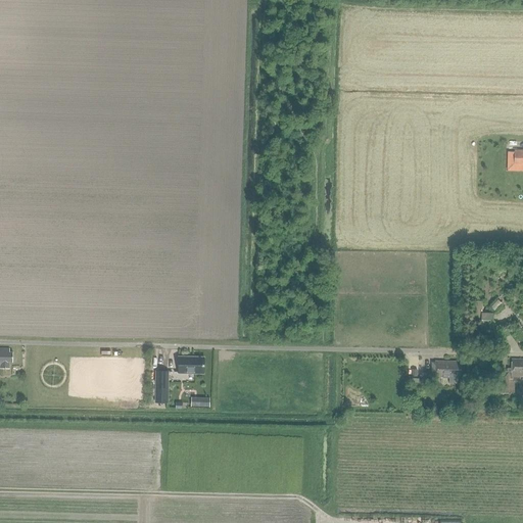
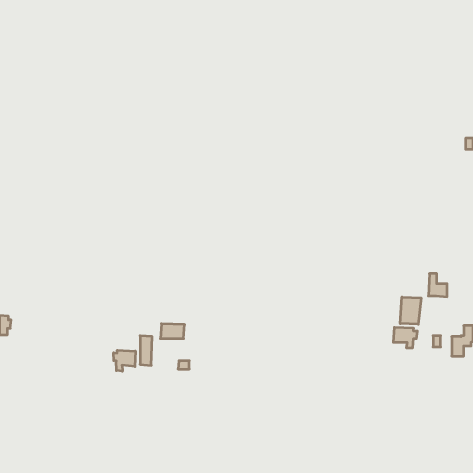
building: none -> [400,297,421,324]
building: none -> [114,350,135,371]

